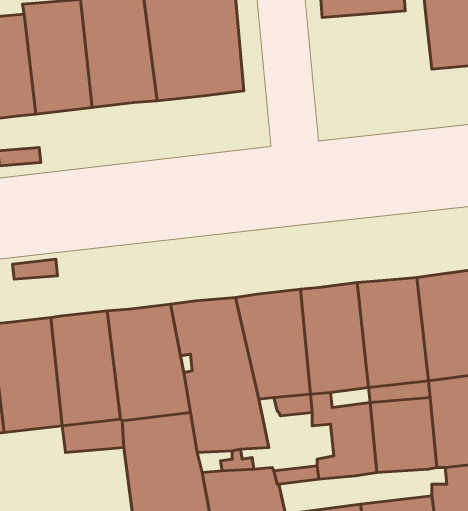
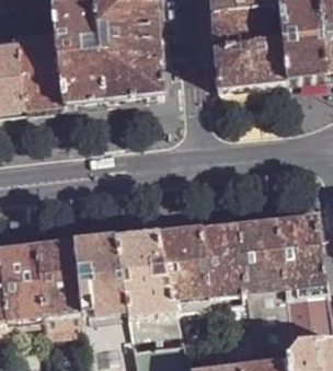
building: none -> [215,40,287,89]

